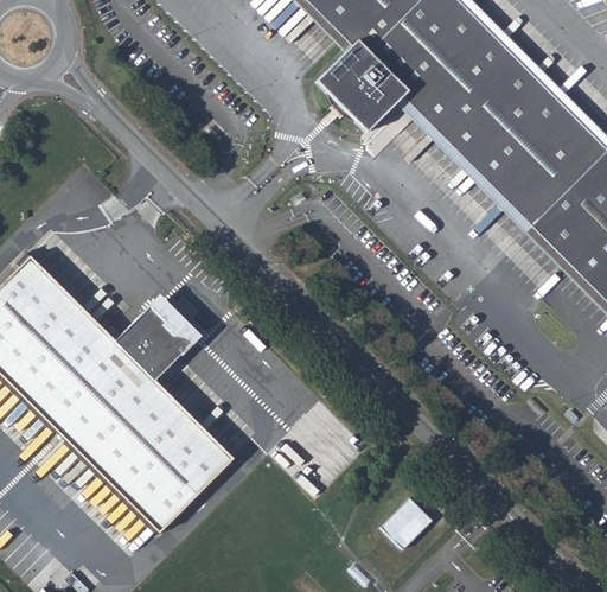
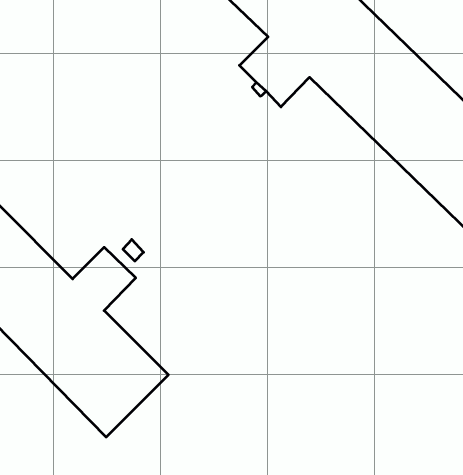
building: [384,498,435,550] -> none

